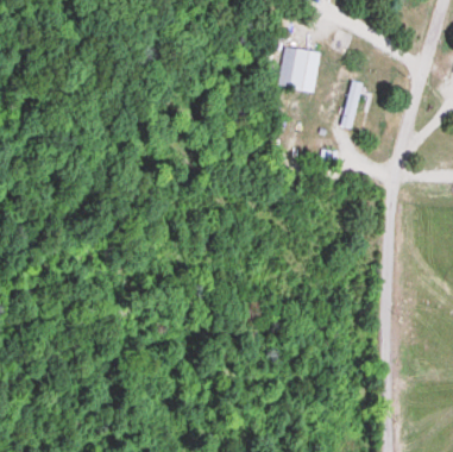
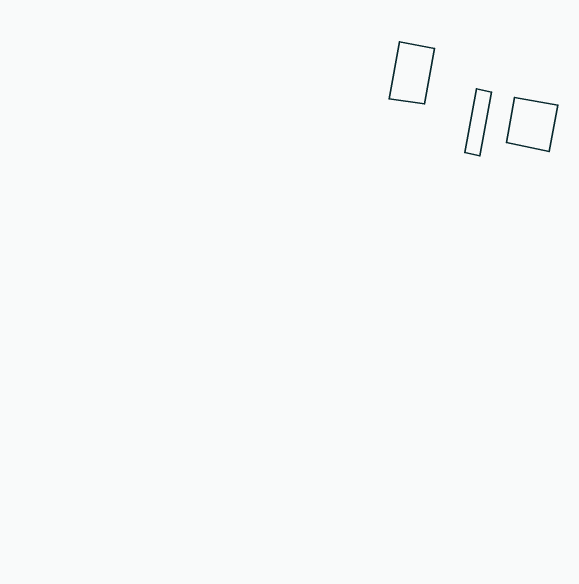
building: none -> [506,98,558,151]

